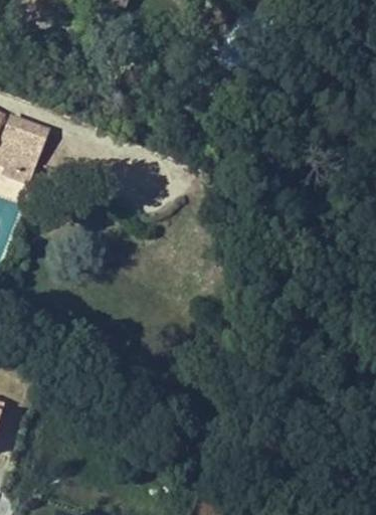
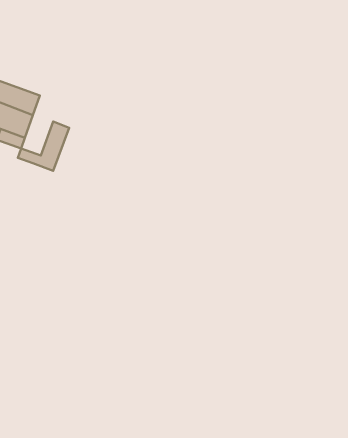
building: none -> [18,122,69,171]

